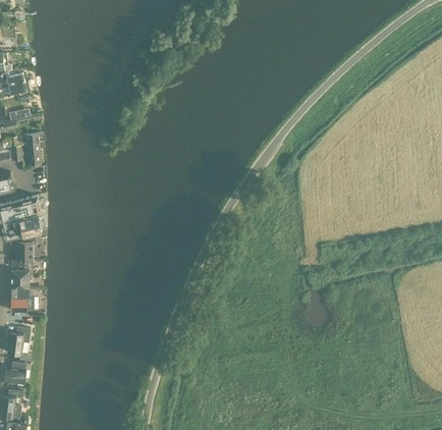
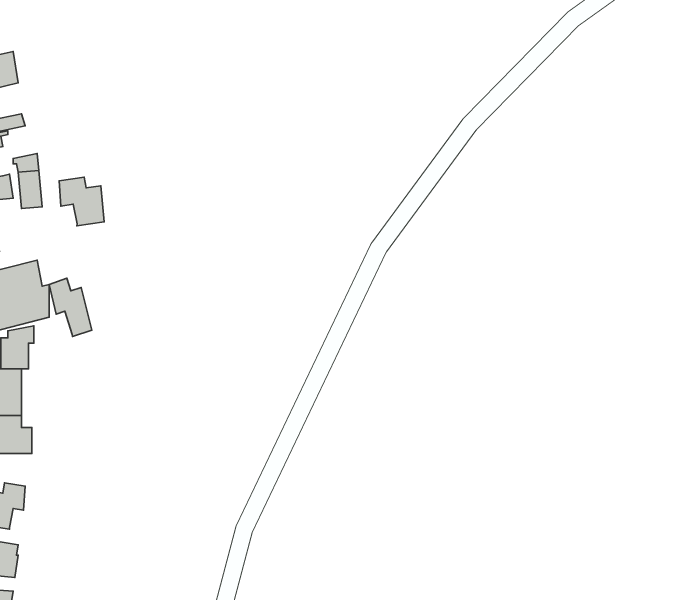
building: none -> [59,177,104,226]
building: none -> [49,278,92,336]

